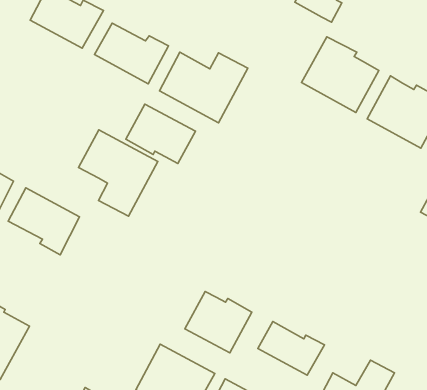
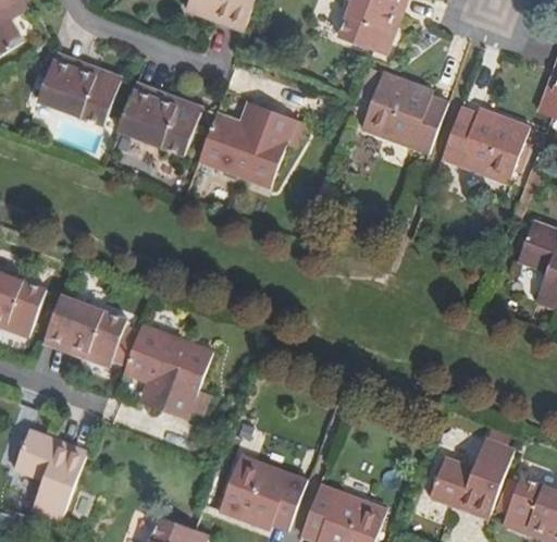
building: [126,104,195,163] -> none
building: [78,130,158,216] -> [123,324,213,419]
building: [185,291,252,353] -> none
building: [258,321,325,375] -> none

